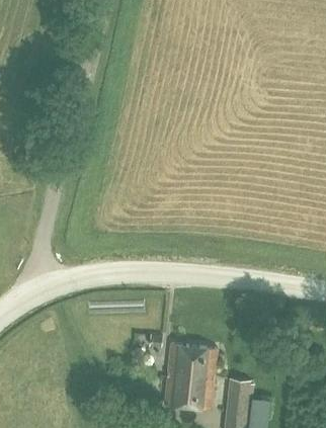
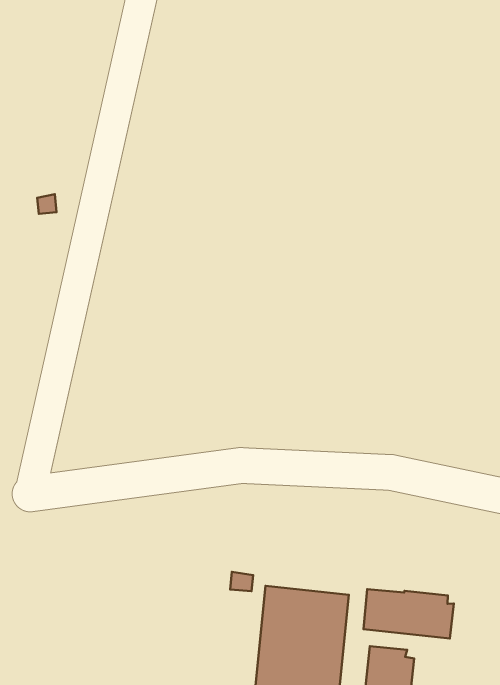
building: none -> [364,589,454,638]

